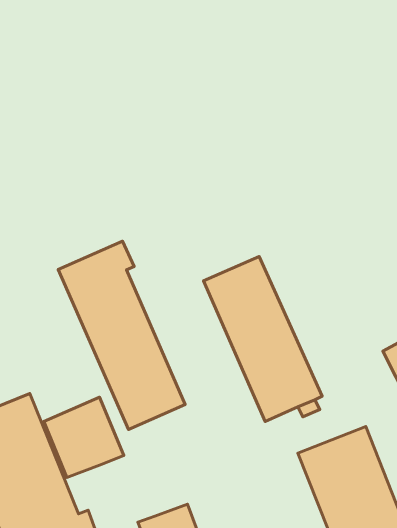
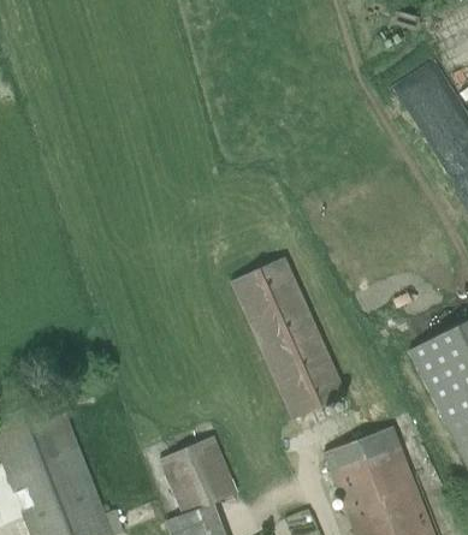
building: [58,241,185,429] -> none
building: [44,397,124,477] -> [159,436,238,516]

